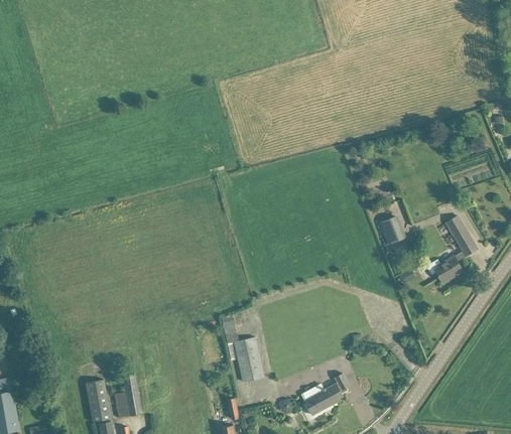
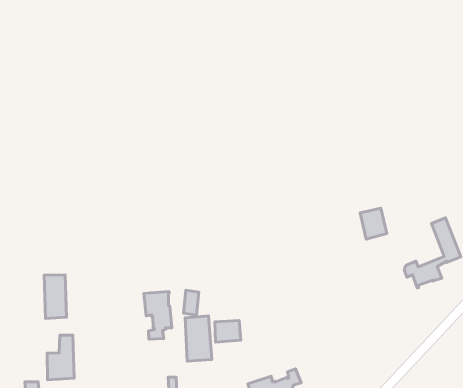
building: none -> [144,291,172,339]
building: none -> [215,320,241,342]
building: [84,380,110,422] -> [44,275,67,318]

